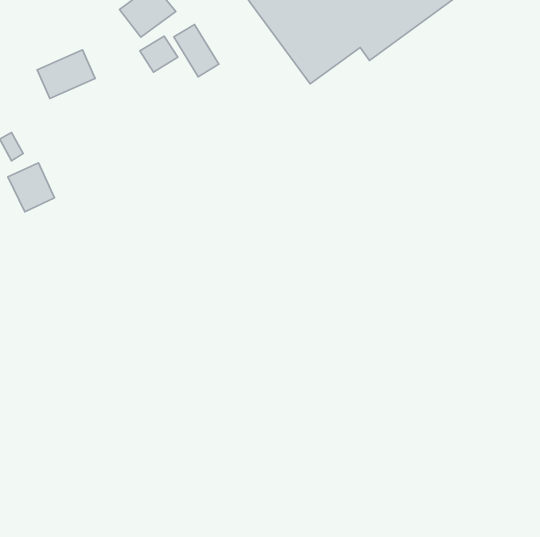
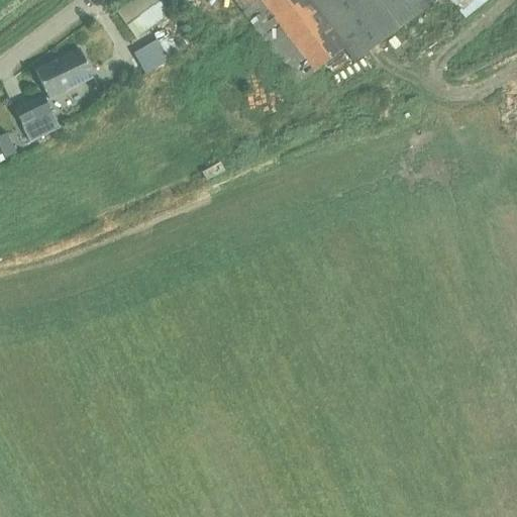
building: [174,24,219,77] -> none
building: [8,163,54,212] -> [15,92,60,138]

